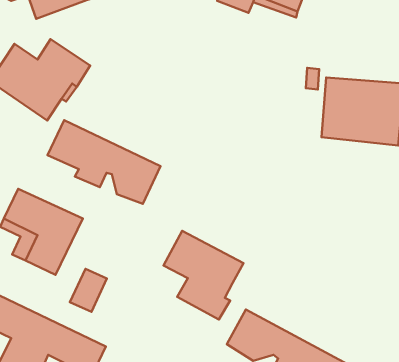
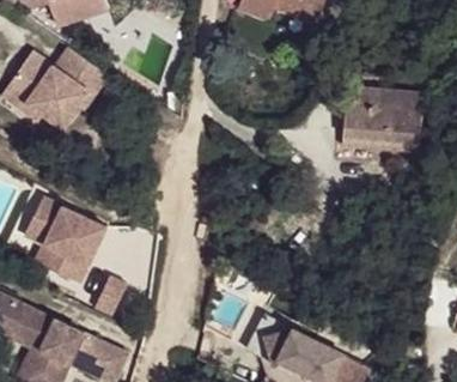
building: [48,120,160,204] -> none
building: [164,231,244,319] -> none

